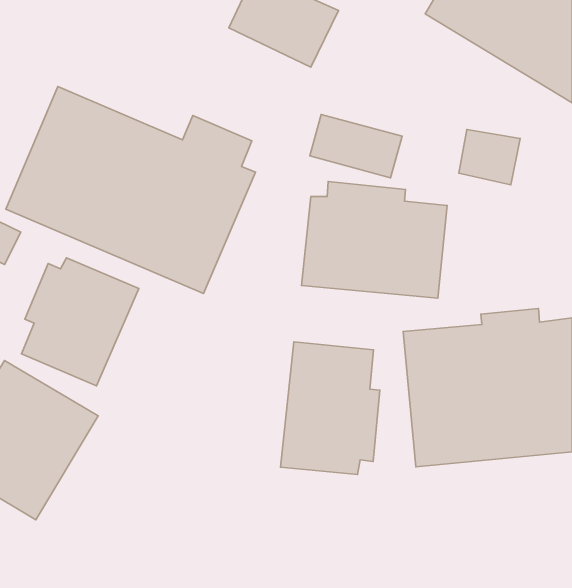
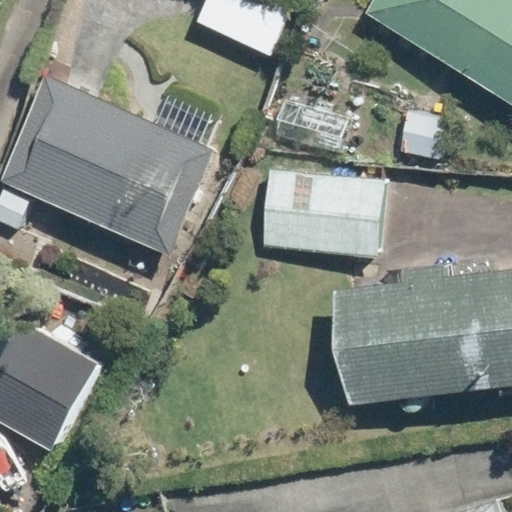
building: [21,258,139,386] -> none
building: [281,342,380,475] -> none

